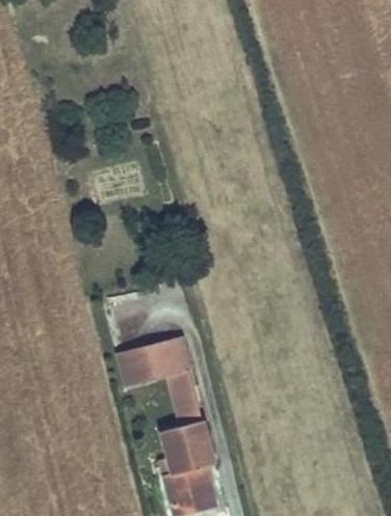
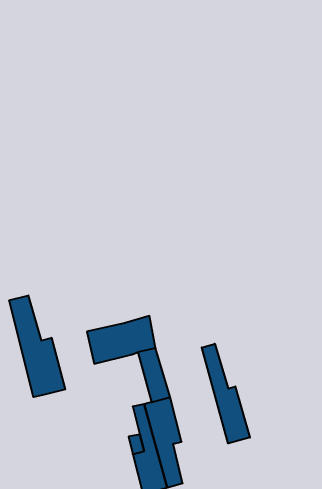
building: none -> [9,295,65,397]
building: none -> [202,344,250,443]

